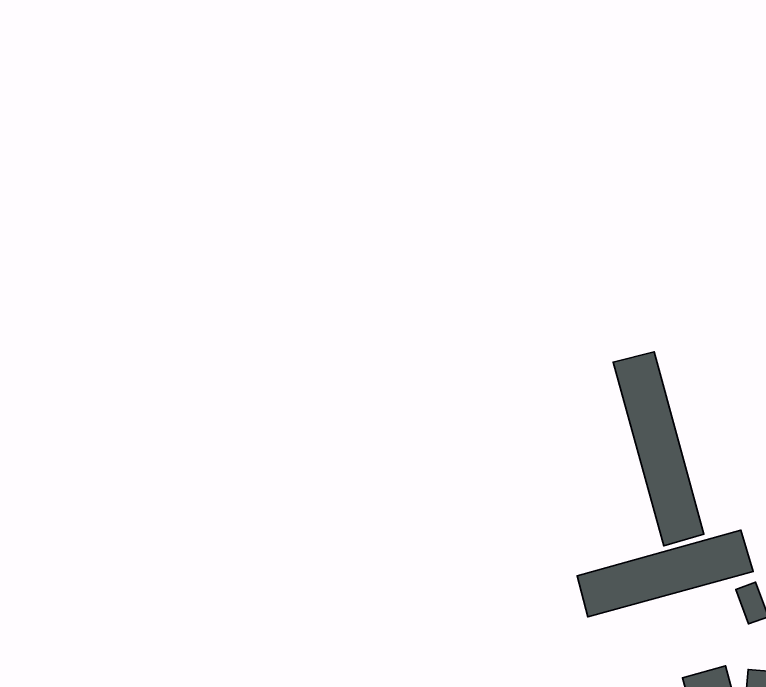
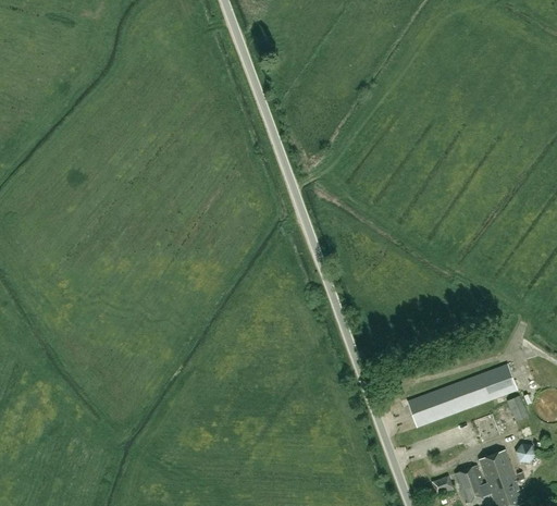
building: [613,352,704,546] -> none

